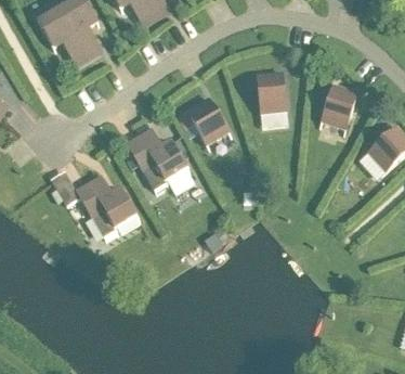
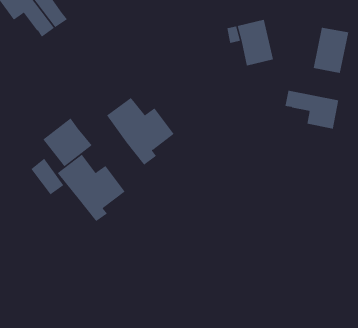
building: [186,95,228,142] -> none
building: none -> [285,90,339,129]
building: none -> [42,117,93,167]

